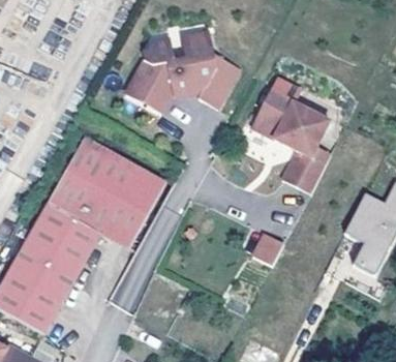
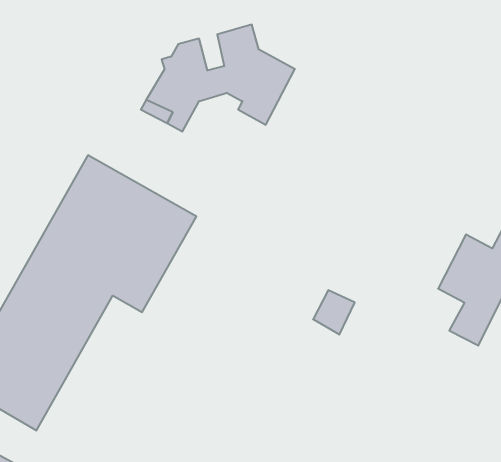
building: [249,91,341,197] -> none

